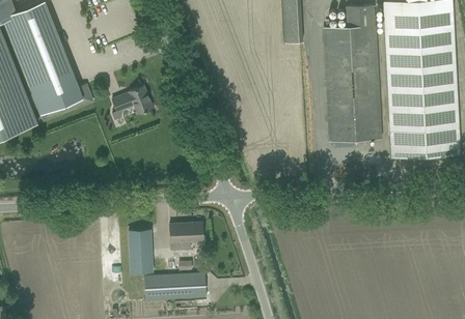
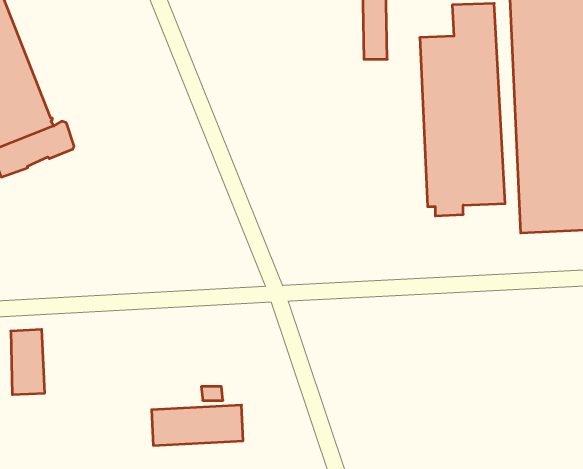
building: [112,86,152,114] -> none
building: [169,223,202,248] -> none
building: [129,230,152,273] -> [11,329,45,395]

